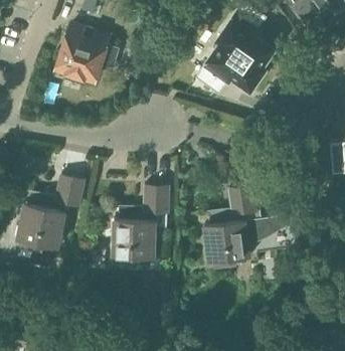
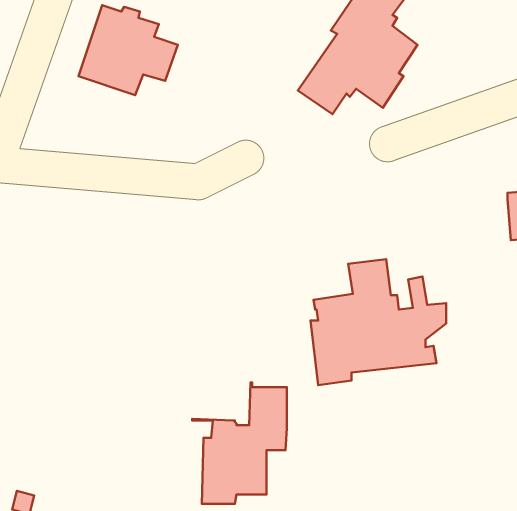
building: [16,175,82,269] -> none
building: [107,185,167,262] -> [192,383,287,504]

